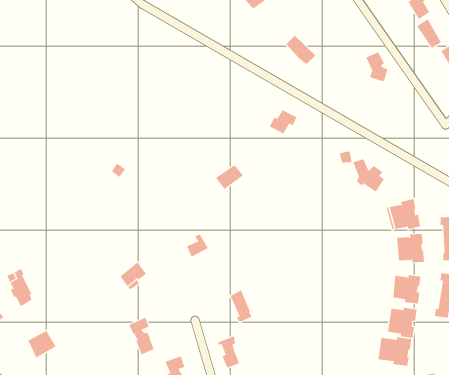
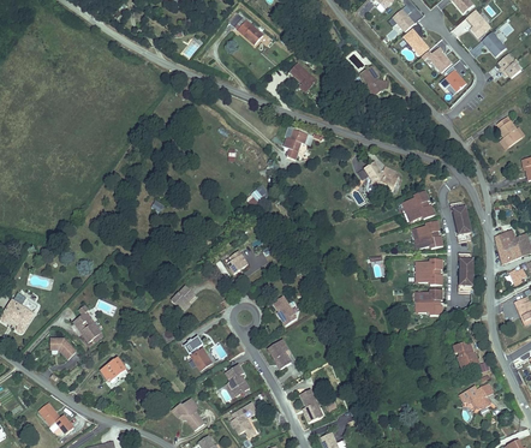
building: [378,337,412,366] -> none

